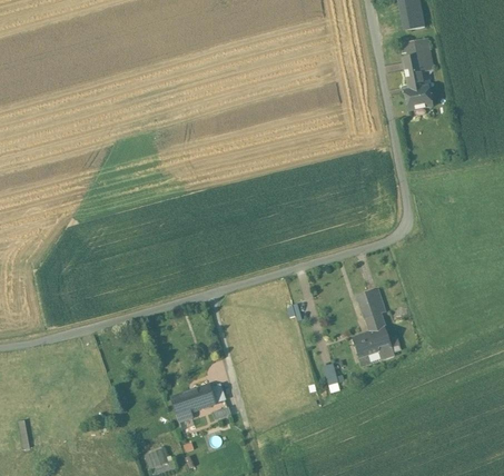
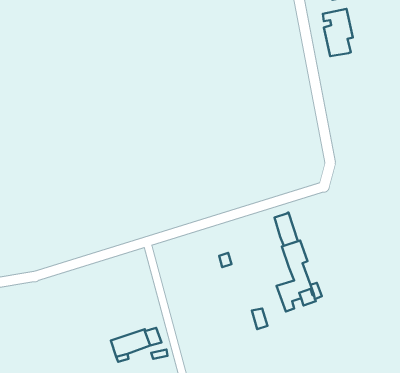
building: [403,86,432,110] -> none
building: none -> [274,213,298,246]

